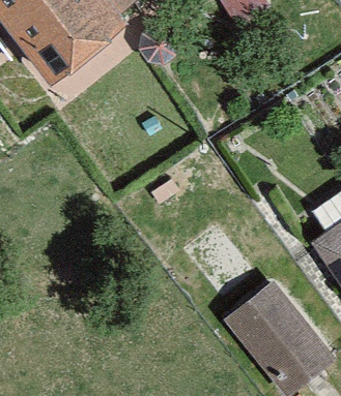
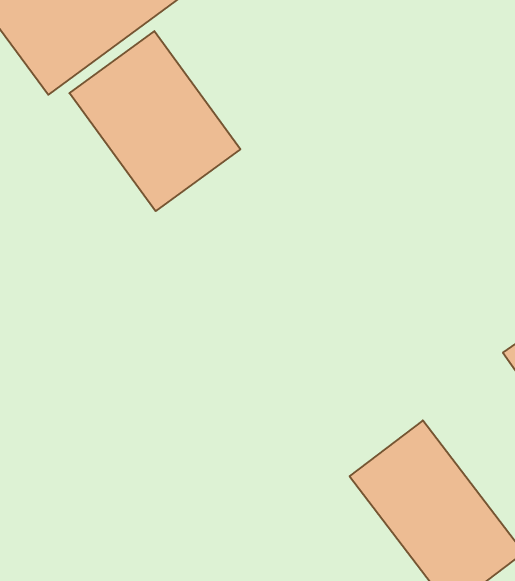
building: none -> [69,31,240,211]

